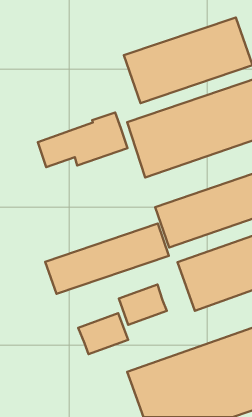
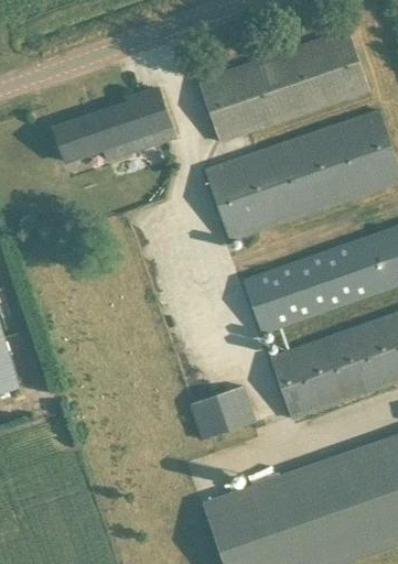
building: [38,113,128,167] -> [55,88,175,161]
building: [45,223,169,294] -> none
building: [78,313,128,354] -> none

